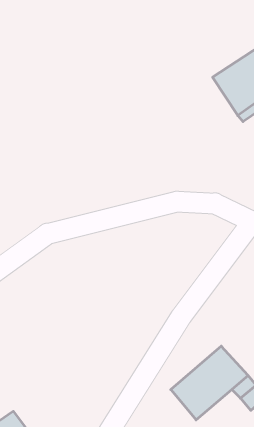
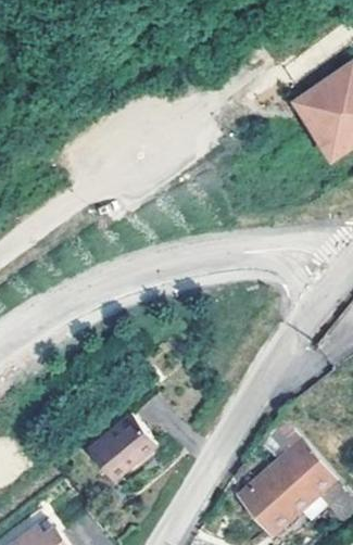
building: none -> [89,413,156,478]

